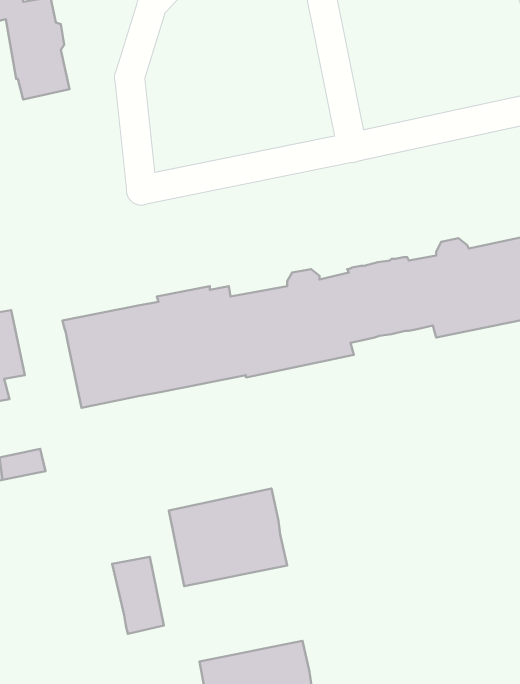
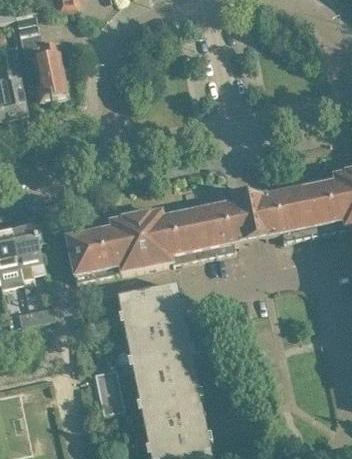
building: none -> [118,284,187,340]
building: none -> [136,372,205,428]

